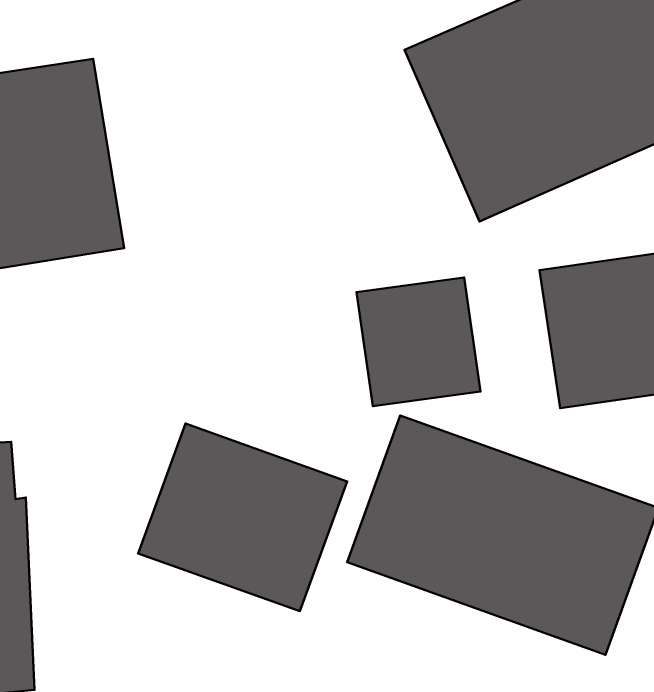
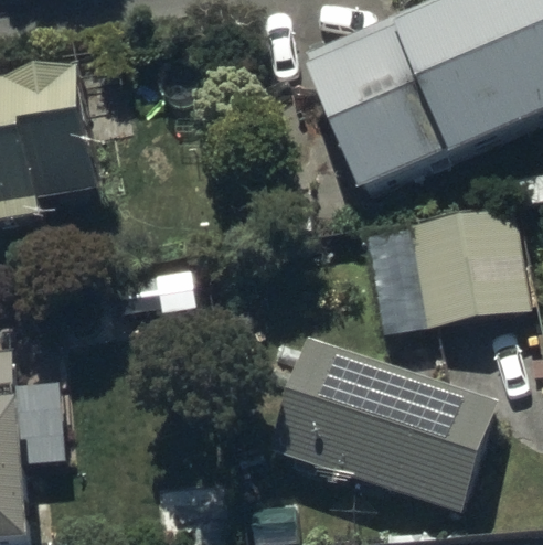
building: [356,277,480,406] -> none
building: [138,424,347,611] -> none

